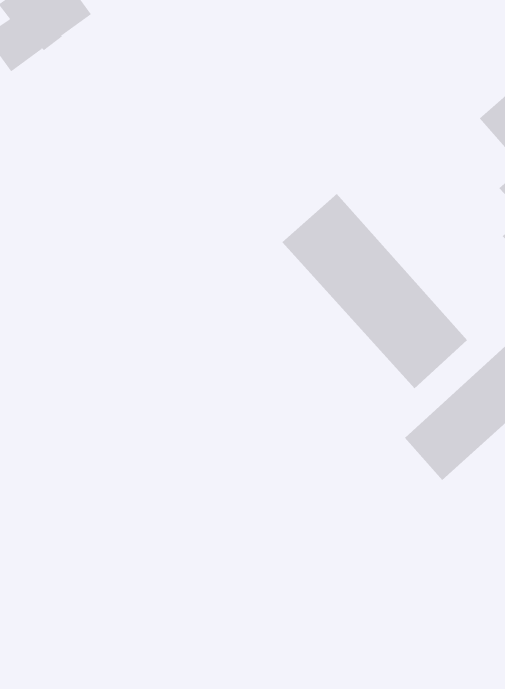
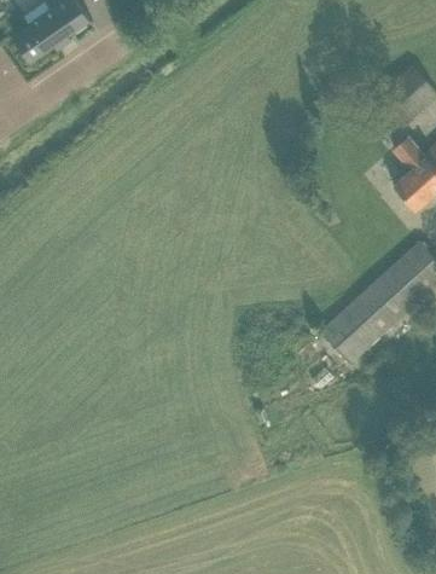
building: [282,193,468,389] -> none

